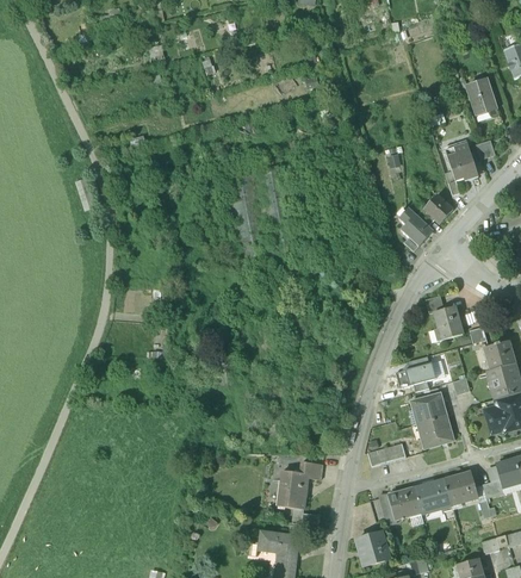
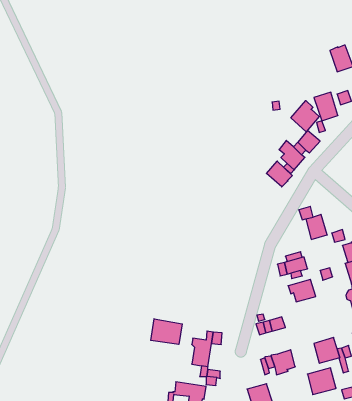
building: none -> [291,101,319,132]
building: none -> [266,161,292,187]
building: [421,415,453,447] -> none
building: none -> [151,319,182,344]
building: [414,478,452,514] -> [307,368,336,395]

